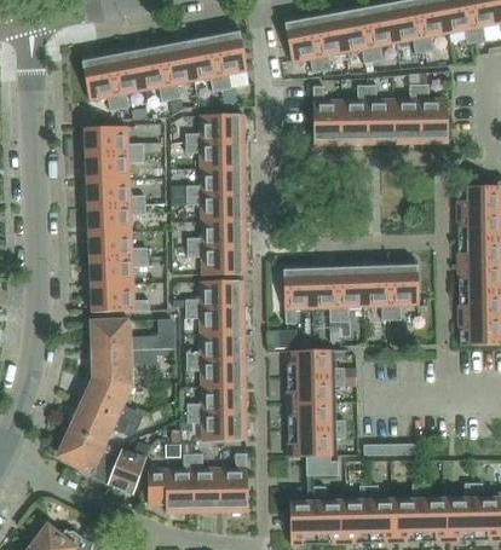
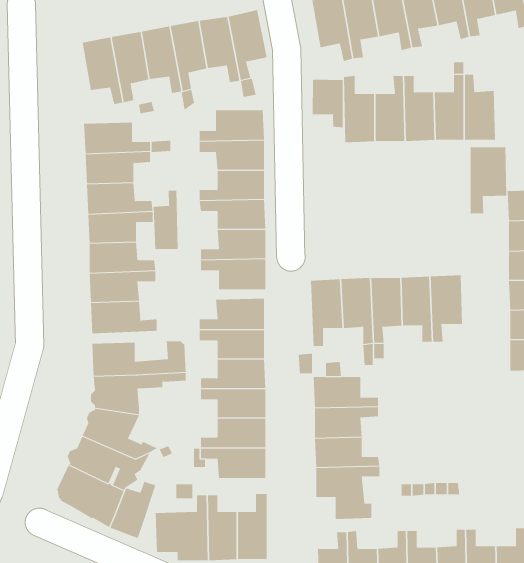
building: none -> [312,79,343,128]
building: none -> [470,146,507,215]
building: none -> [153,190,178,250]

